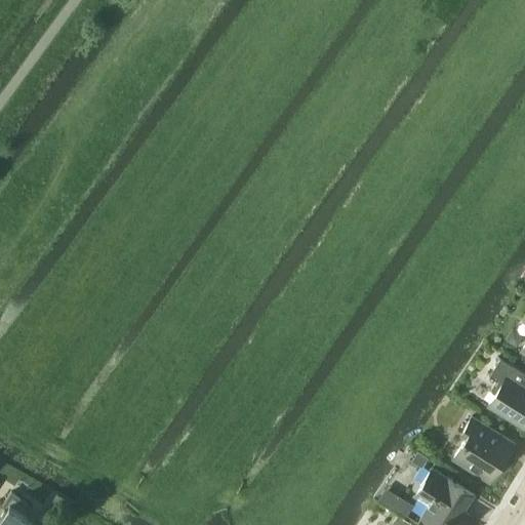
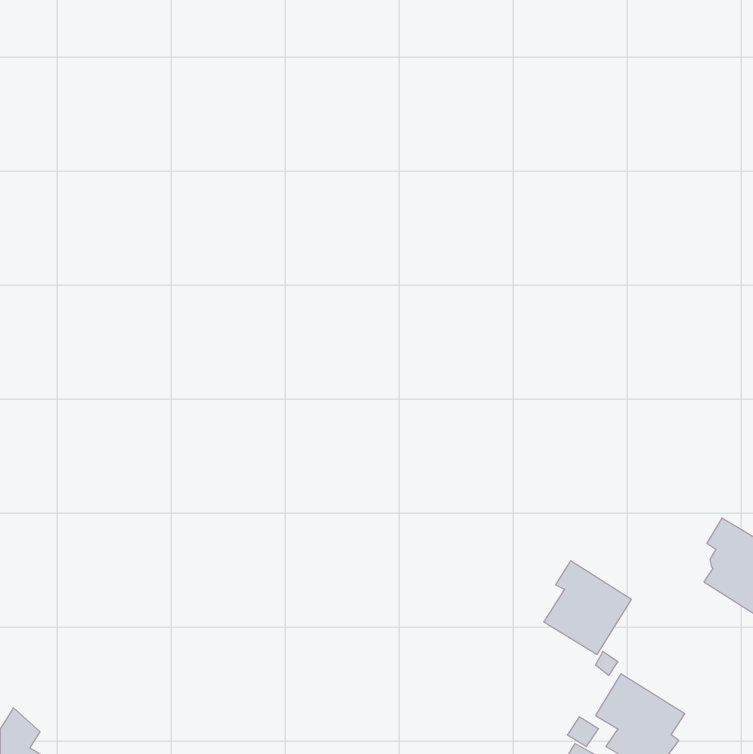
building: [456,418,517,483] -> [544,561,631,654]

